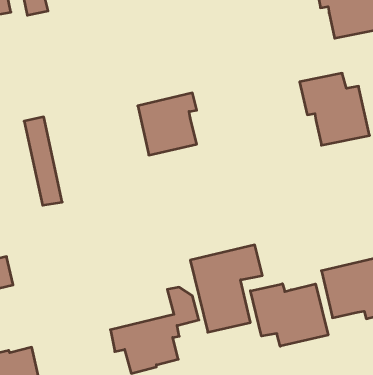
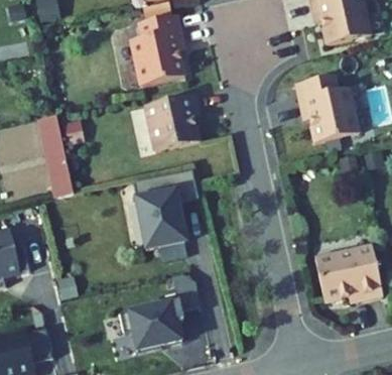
building: none -> [133,13,183,84]
building: [190,245,262,332] -> [129,166,195,247]
building: [250,284,328,346] -> none

